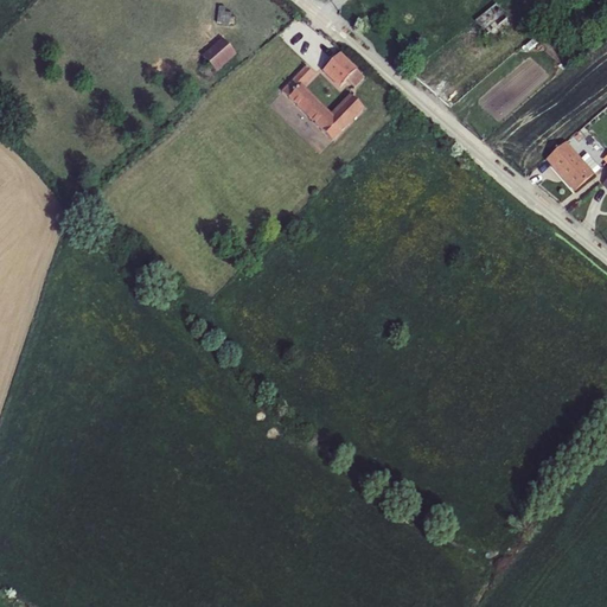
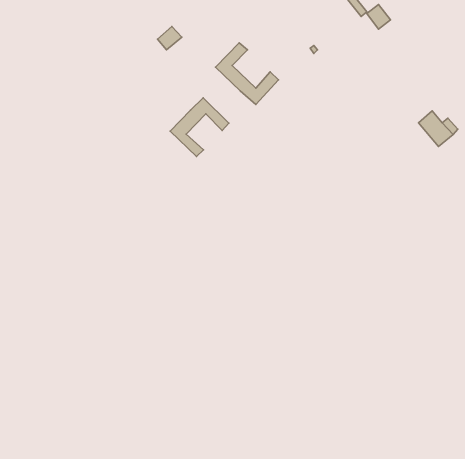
building: [325,52,365,87] -> none
building: none -> [170,98,229,156]

